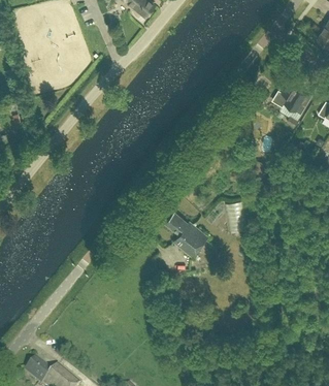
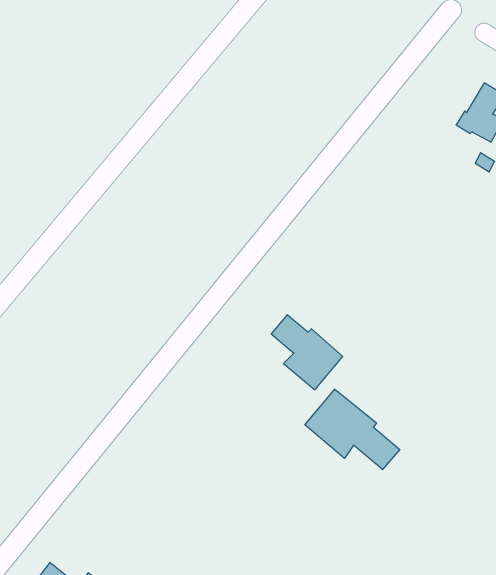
building: none -> [305,389,400,470]

